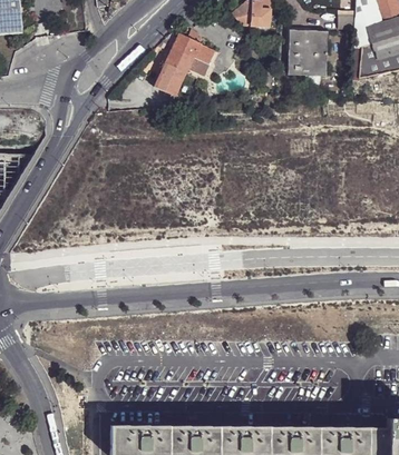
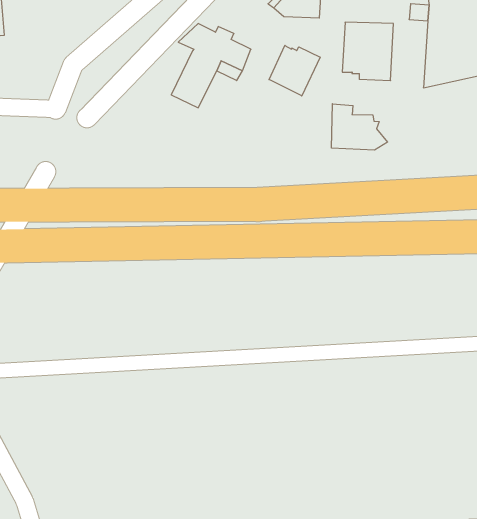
building: none -> [269,45,320,96]
building: none -> [332,104,388,150]

